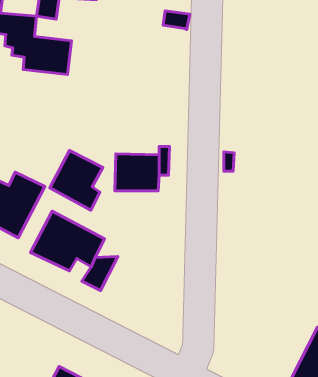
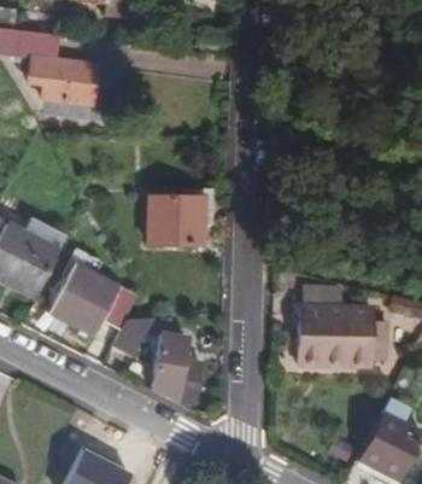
building: [50,150,103,210] -> none
building: none -> [299,304,377,367]
building: none -> [153,334,201,404]

